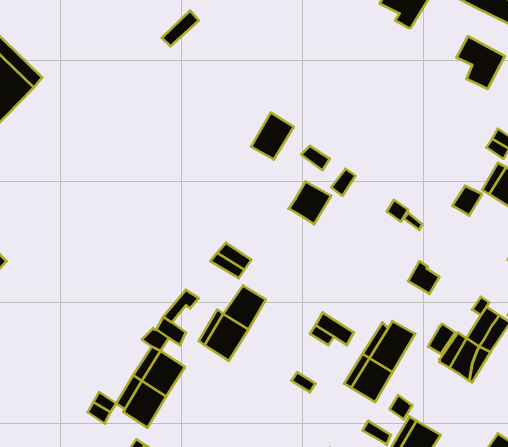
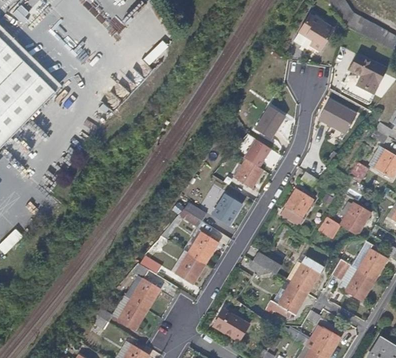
building: none -> [318,101,355,134]
building: [251,113,294,160] -> [255,106,285,139]
building: none -> [280,188,313,225]
building: none -> [212,195,241,226]
building: none -> [340,201,370,234]
building: none -> [213,308,248,341]

